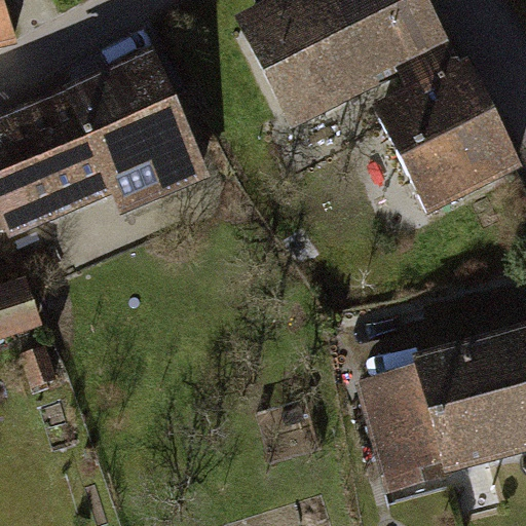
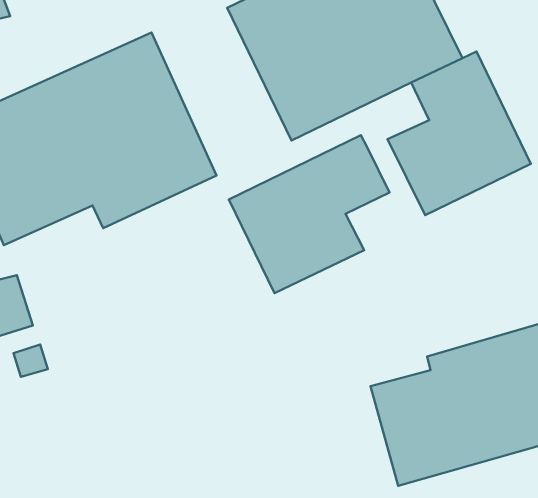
building: none -> [229,135,390,293]

